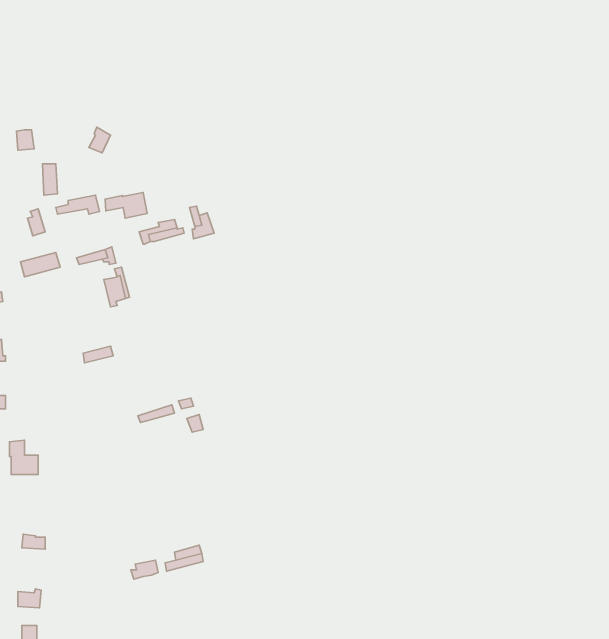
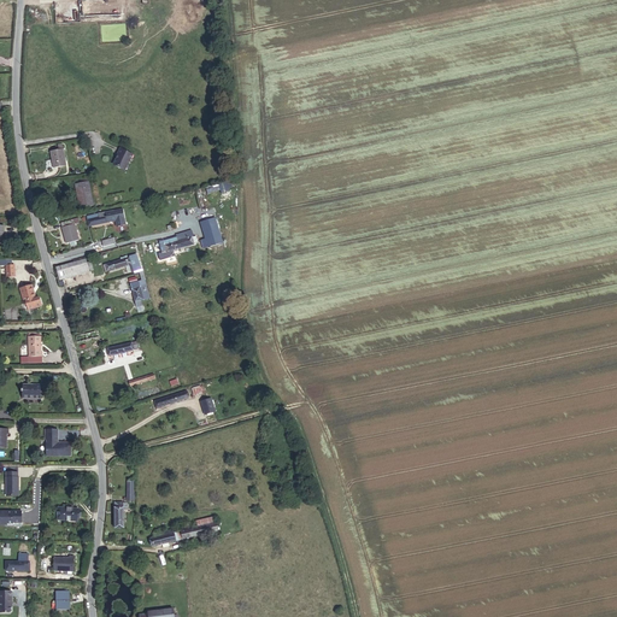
building: [105,193,147,218] -> none

